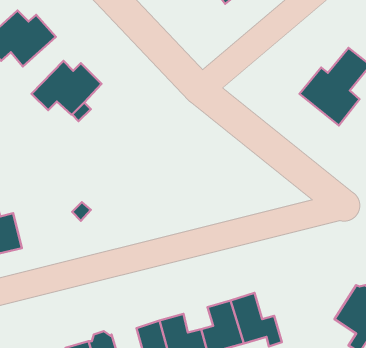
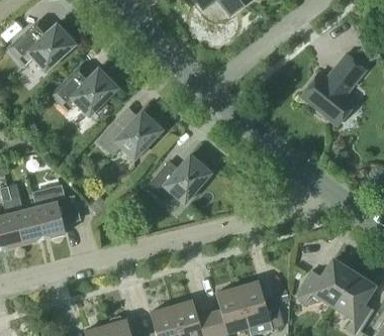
building: none -> [97,111,162,159]
building: none -> [147,155,210,204]
building: none -> [33,185,81,239]
building: none -> [295,260,353,305]

